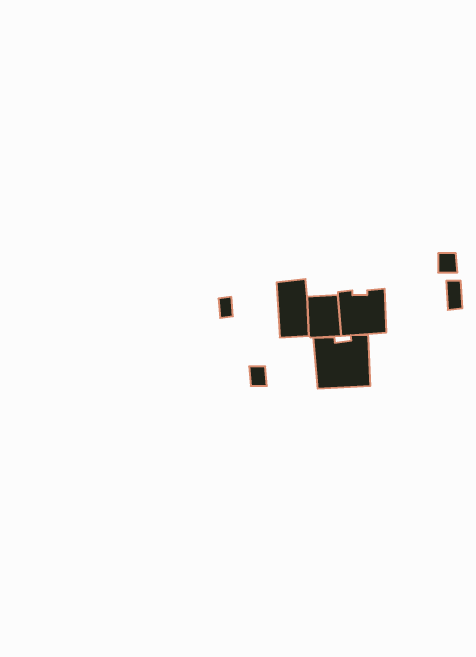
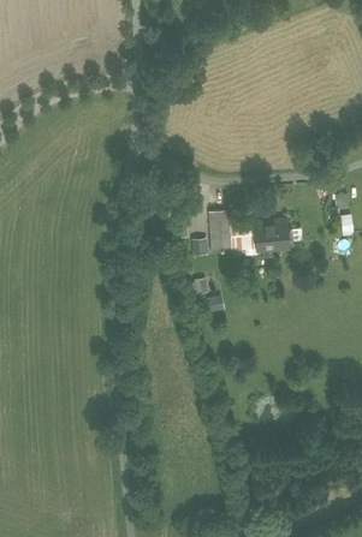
building: [313,335,370,389] -> none

